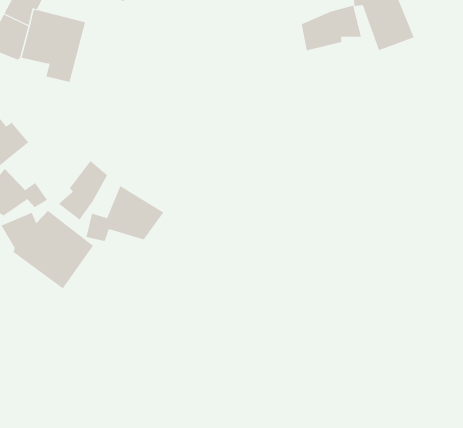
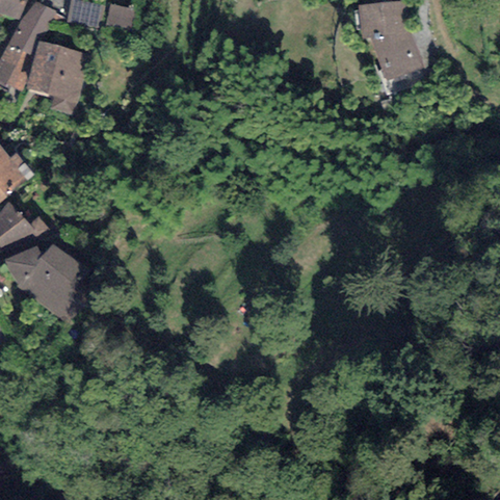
building: [301,5,361,51] -> none
building: [58,160,108,221] -> none
building: [86,185,164,242] -> none

